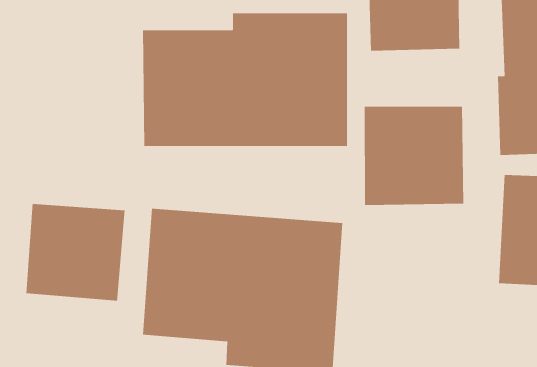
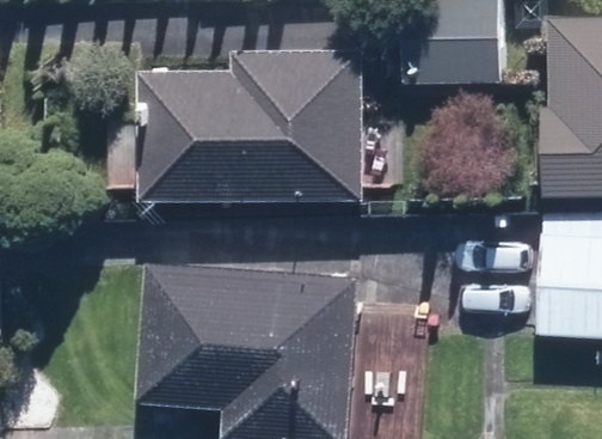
building: [364,106,464,206] -> none
building: [26,203,125,302] -> none

